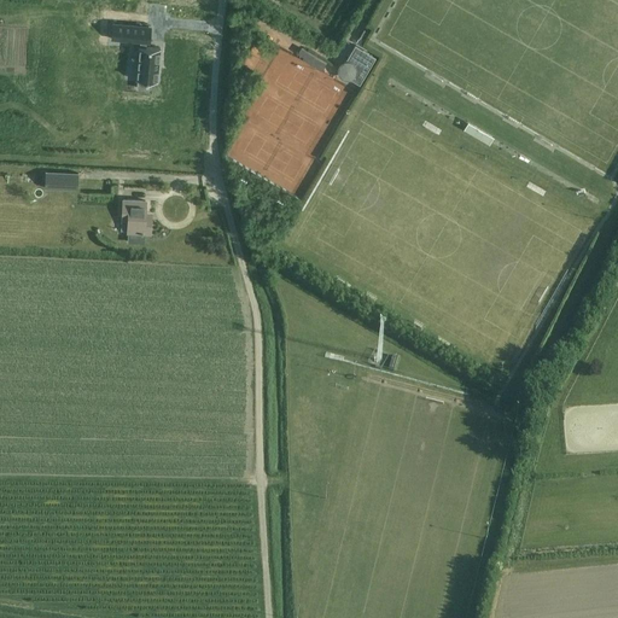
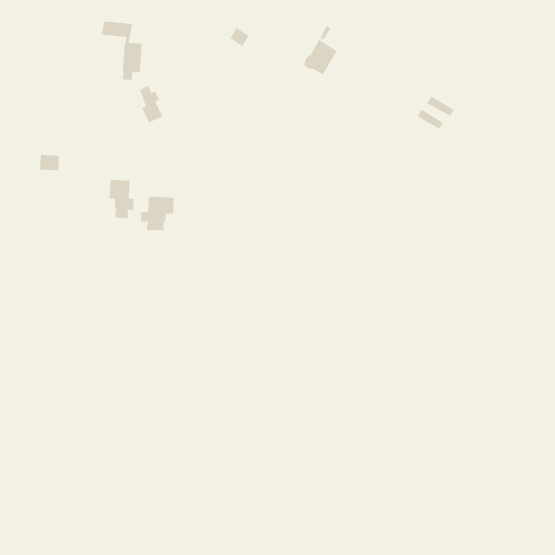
building: none -> [139,85,163,123]
building: none -> [141,196,174,231]

